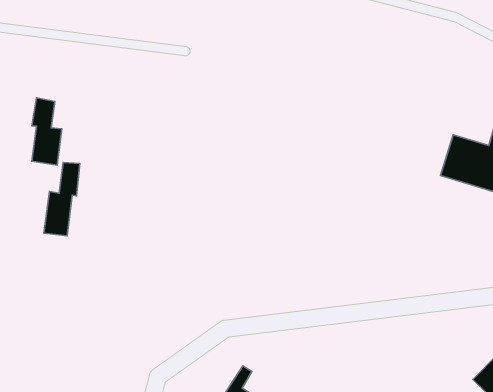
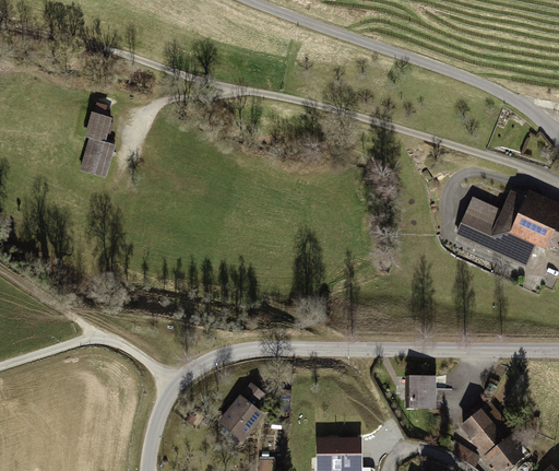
building: [44,162,80,236] -> none
building: none -> [405,376,433,408]

